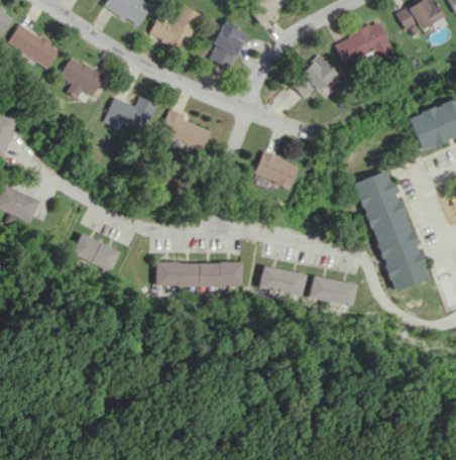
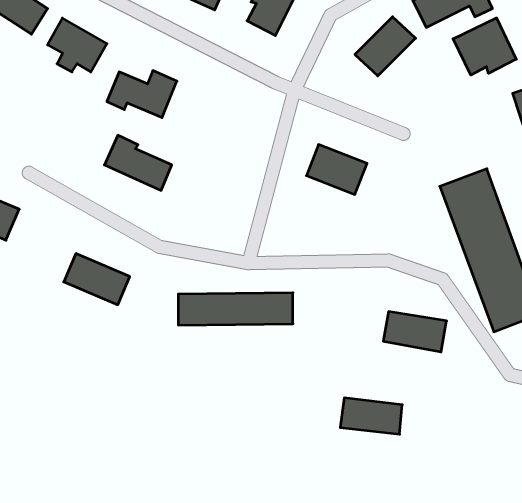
building: none -> [453,18,516,75]
building: [160,110,211,151] -> [104,135,172,190]
building: [261,268,308,296] -> [340,398,402,434]

